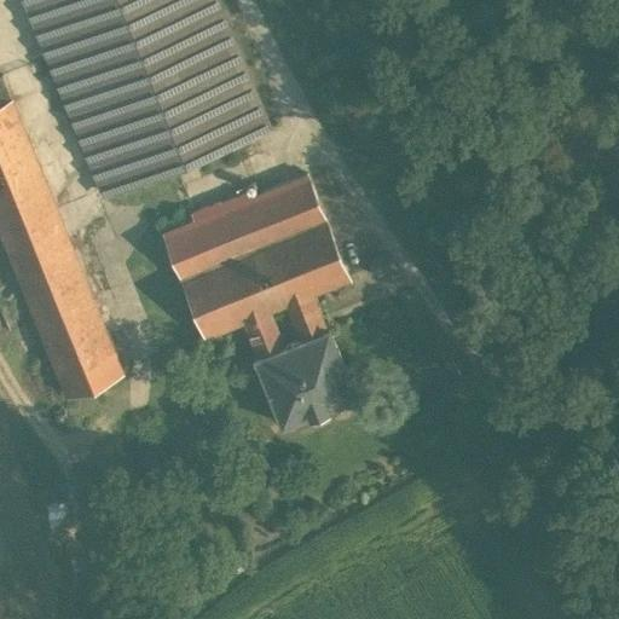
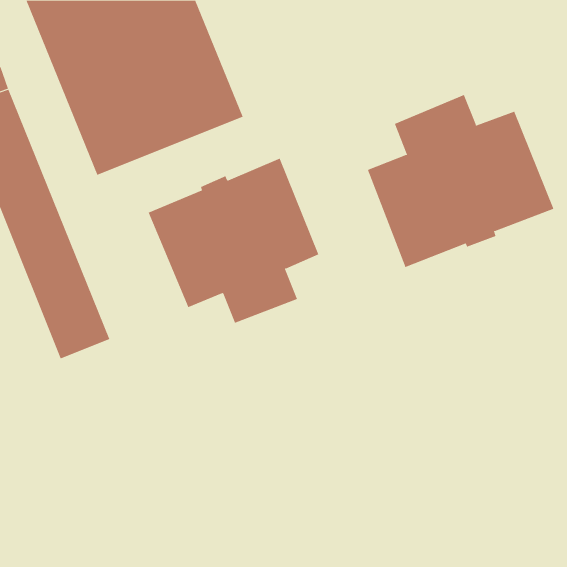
building: none -> [367,94,554,268]
building: [253,325,354,423] -> none

